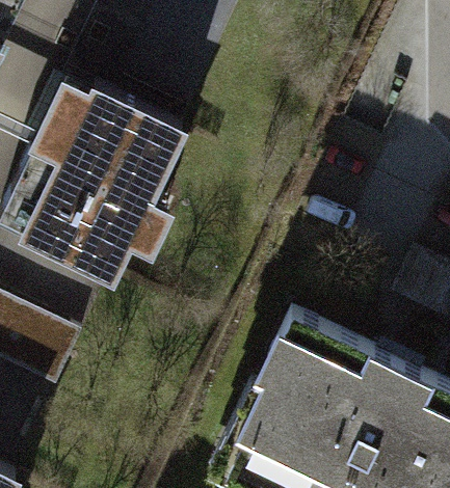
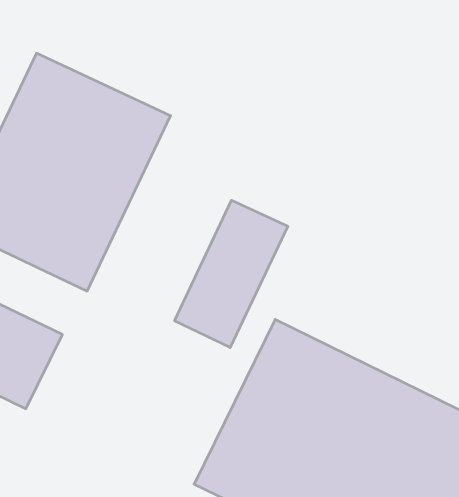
building: none -> [175,200,288,348]

